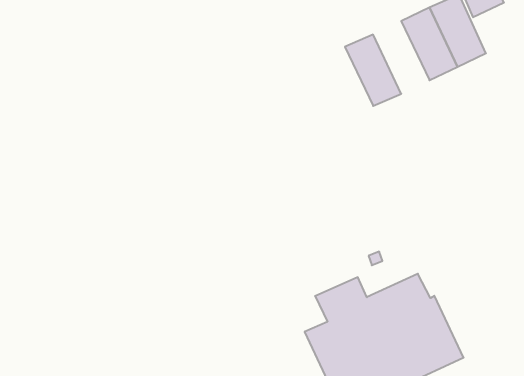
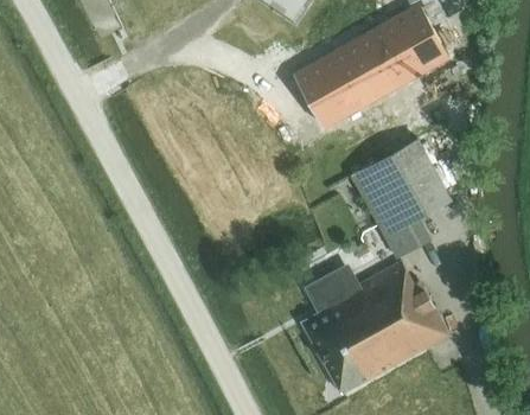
building: none -> [345,32,400,98]
building: none -> [295,59,350,126]
building: none -> [352,140,452,258]

